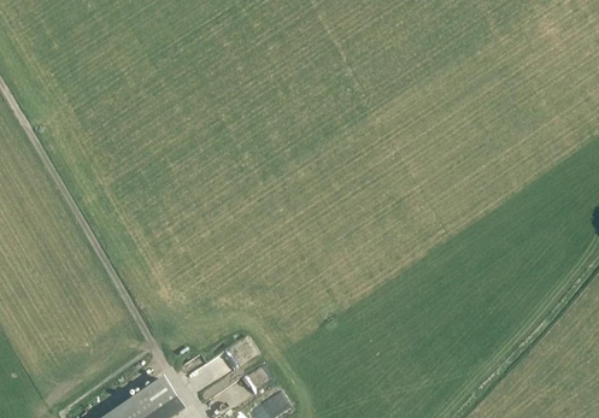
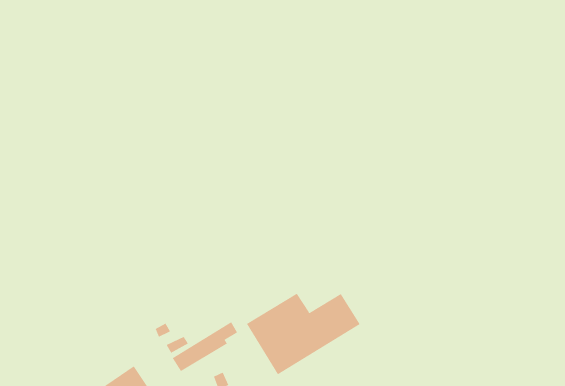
building: none -> [246,293,360,375]

